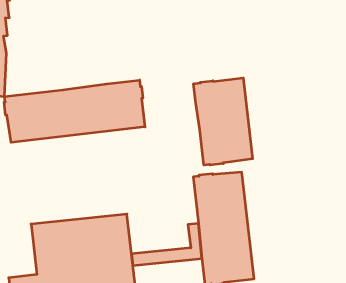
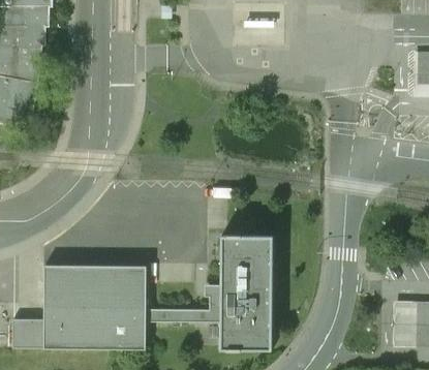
building: [194,78,253,165] -> none
building: [4,80,145,142] -> none

